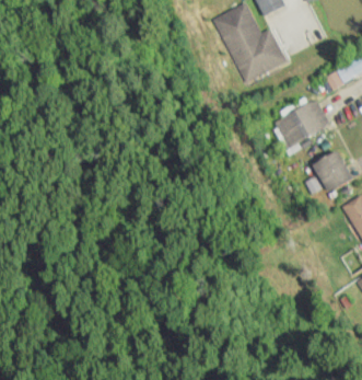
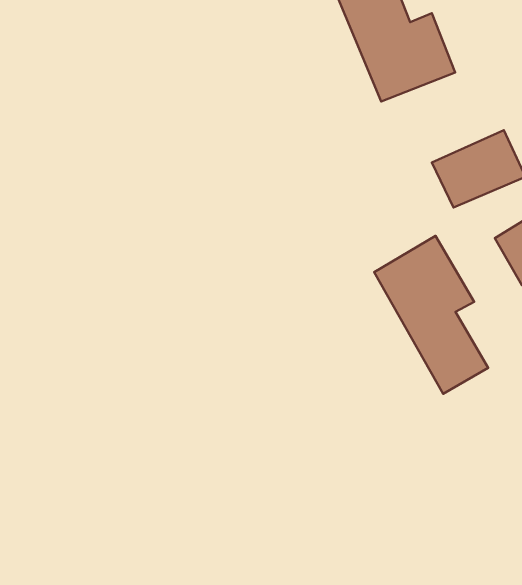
building: none -> [374,236,488,394]

